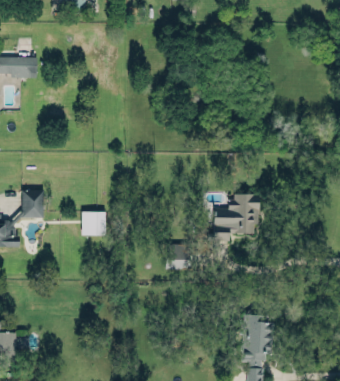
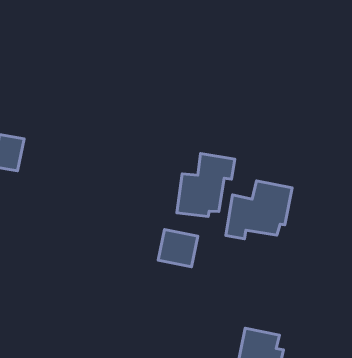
building: none -> [177,154,235,217]
building: [83,212,107,236] -> none

